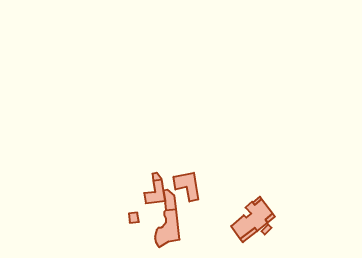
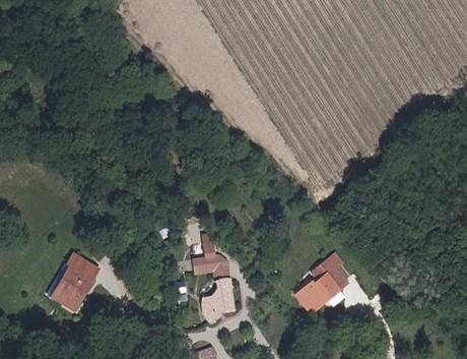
building: [174,173,198,202] -> none
building: none -> [52,256,96,312]

